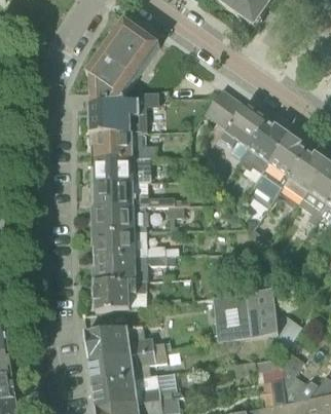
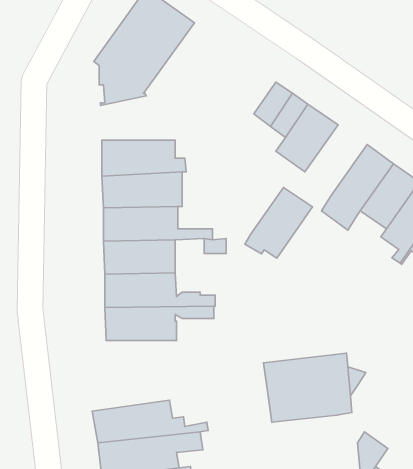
building: [91,91,170,131] -> none
building: [240,120,290,173] -> [245,188,313,258]
building: [96,280,148,311] -> none

